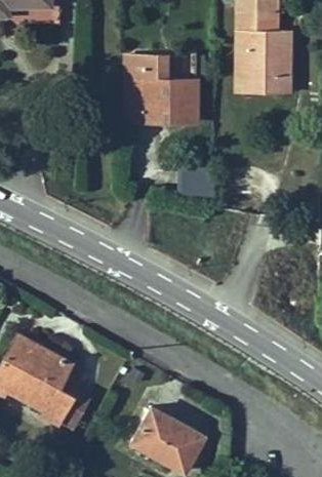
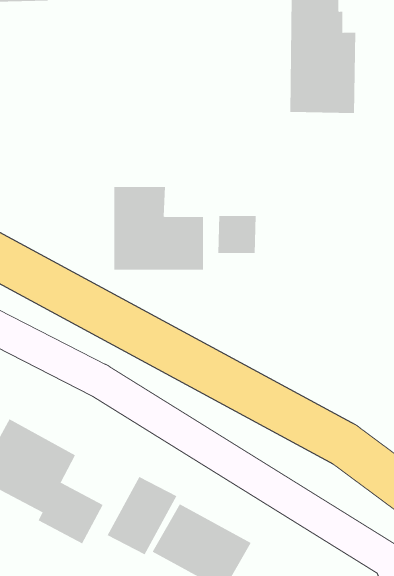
building: [127,58,198,124] -> [113,186,204,270]
building: none -> [107,476,177,555]

